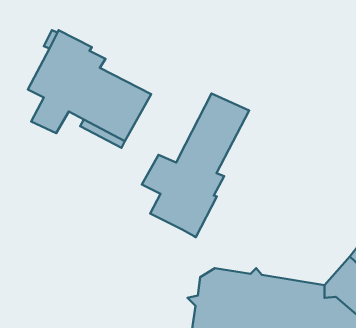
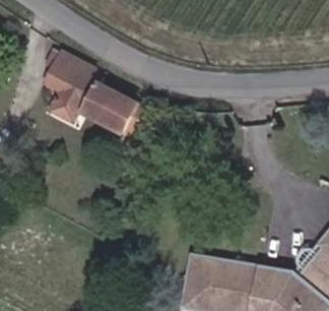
building: [142,93,249,237] -> none

